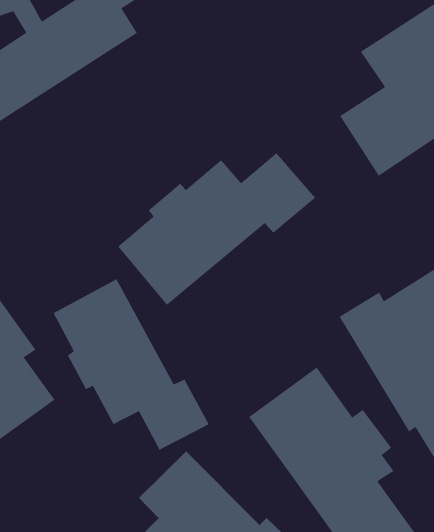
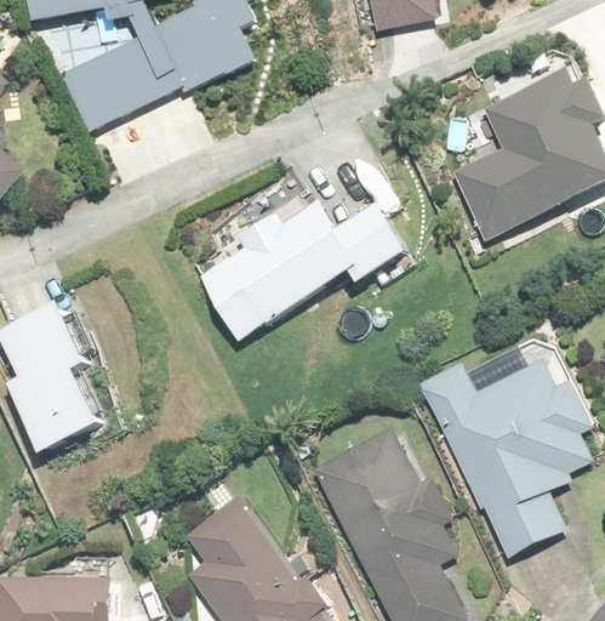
building: [52,278,210,451] -> none

